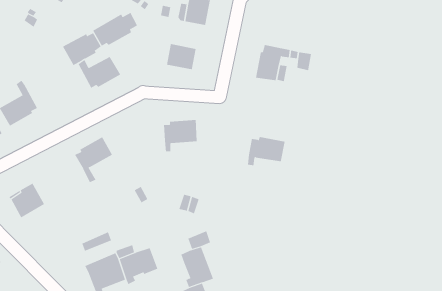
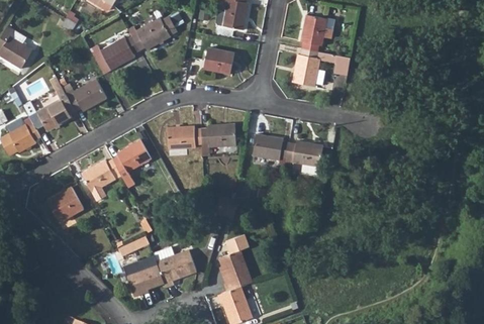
building: none -> [301,15,332,51]
building: [78,56,121,89] -> [63,80,106,112]
building: none -> [167,126,202,149]
building: none -> [253,134,289,159]
building: none -> [82,158,120,202]

